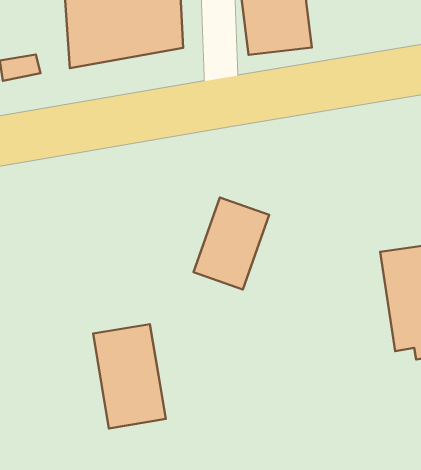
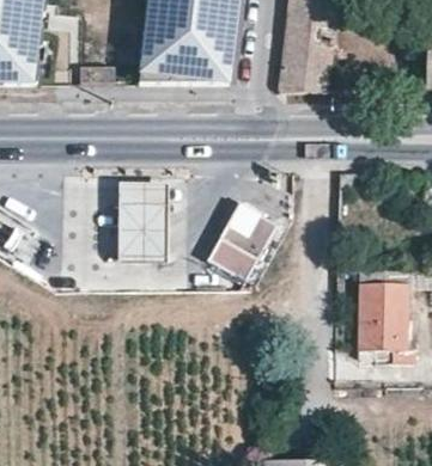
building: [93,324,166,428] -> [120,184,166,262]

